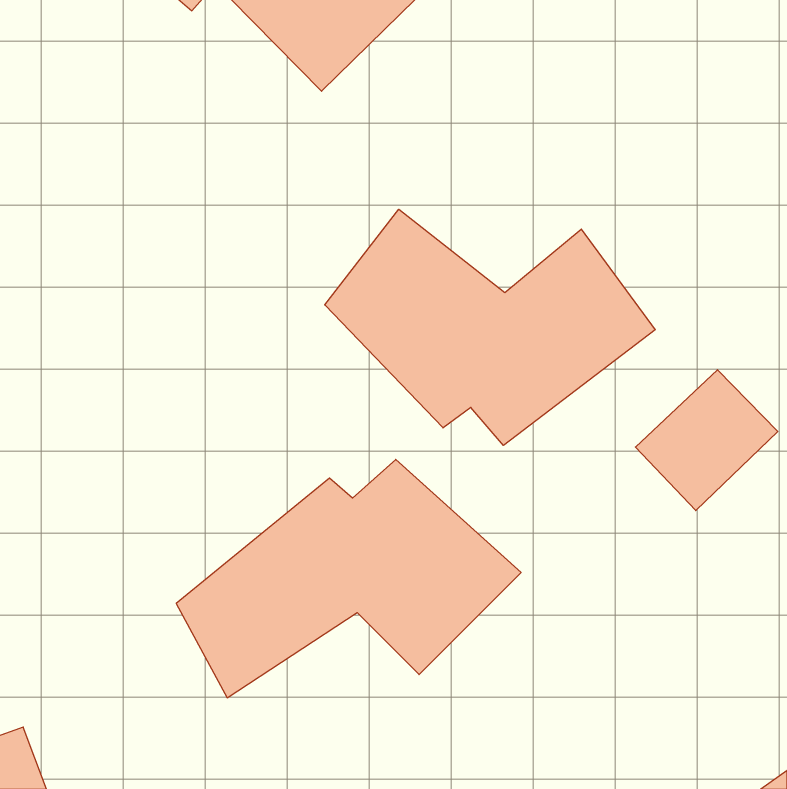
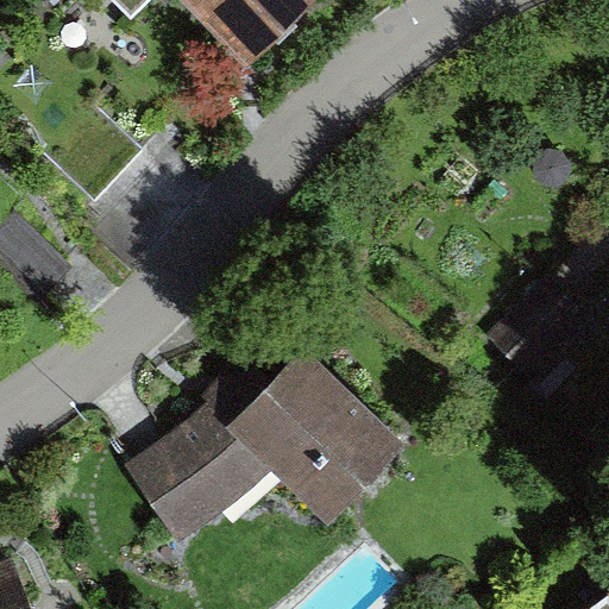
building: [325,209,655,445] -> none

